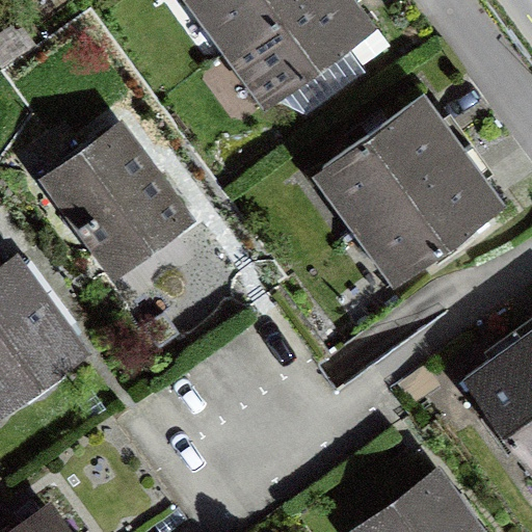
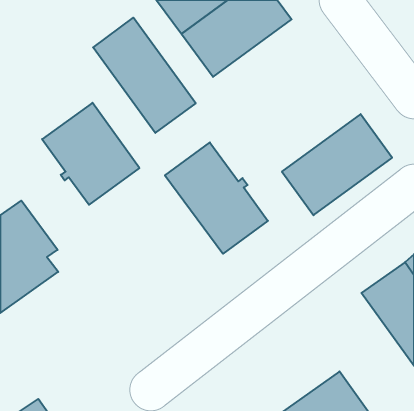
building: none -> [93,18,196,133]
building: [322,95,462,223] -> none
building: none -> [165,142,268,254]

